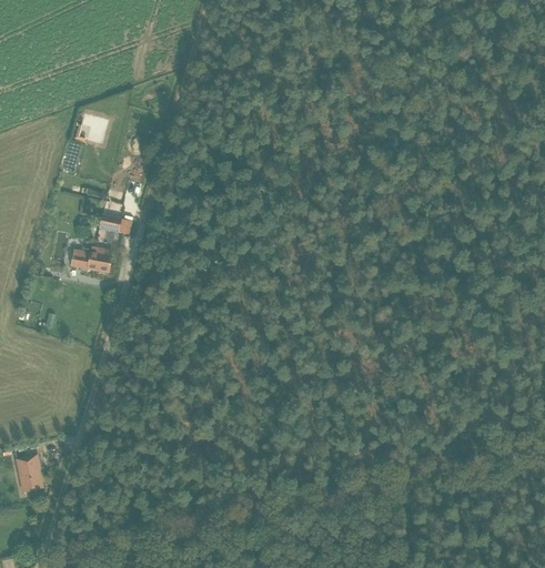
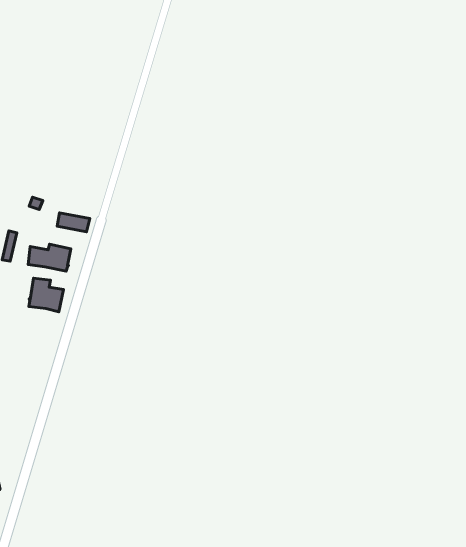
building: none -> [29,278,63,312]

